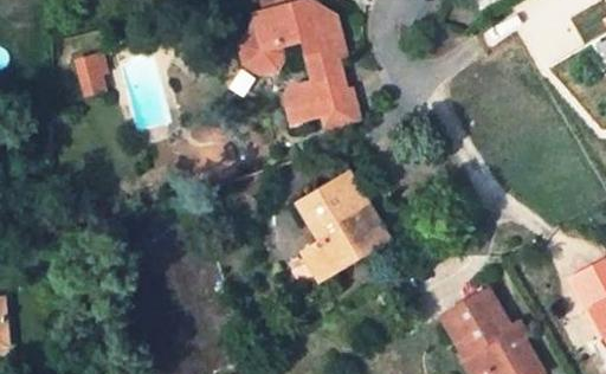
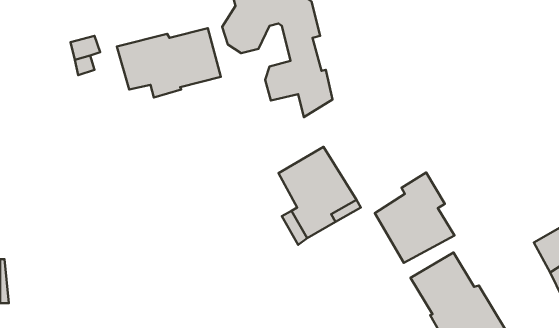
building: none -> [117,28,221,97]
building: none -> [375,173,454,263]

